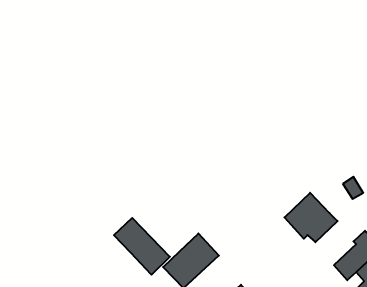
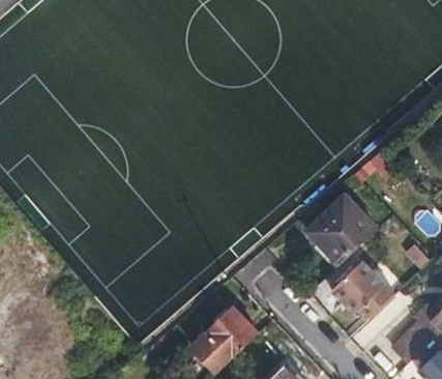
building: none -> [308,196,377,263]
building: [114,218,170,275] -> none

